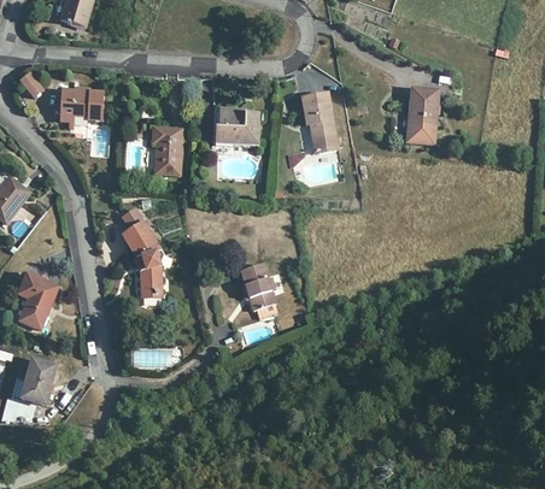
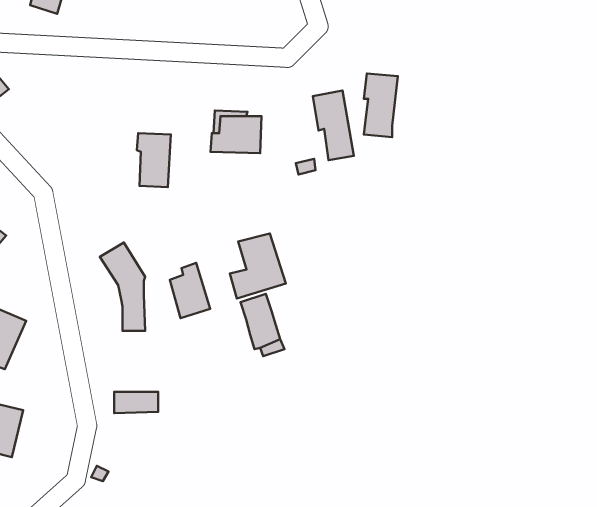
building: [59,87,104,120] -> none
building: [409,88,438,142] -> [364,73,398,137]
building: none -> [230,234,286,298]
building: none -> [170,263,210,318]

